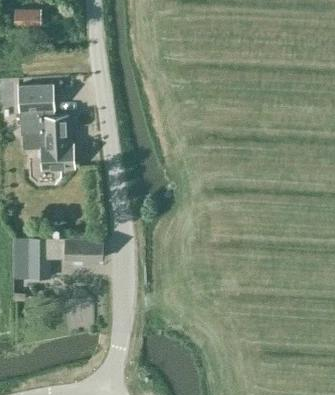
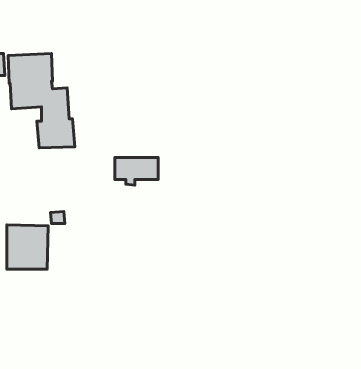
building: [64,242,103,267] -> [115,157,158,185]

